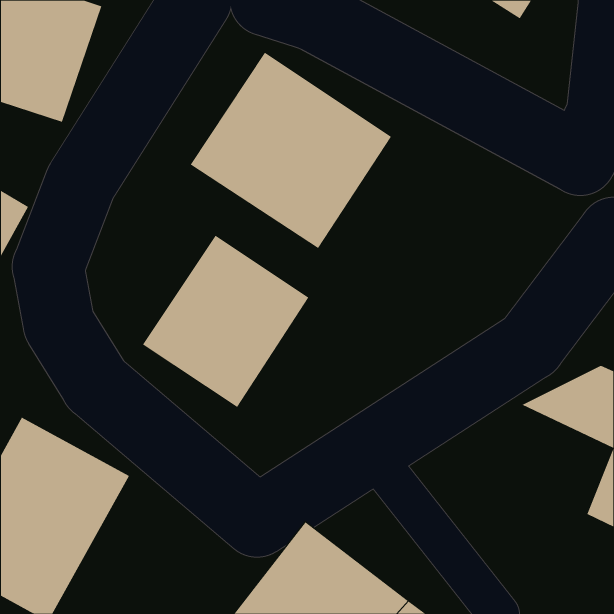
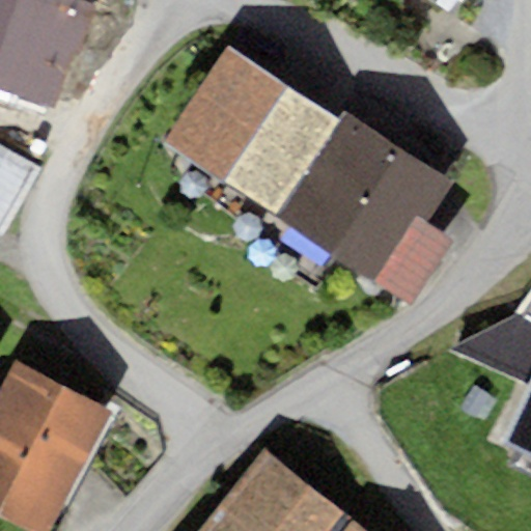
building: none -> [275,109,454,305]
building: [142,235,309,408] -> none

